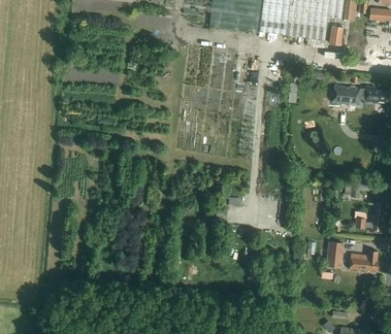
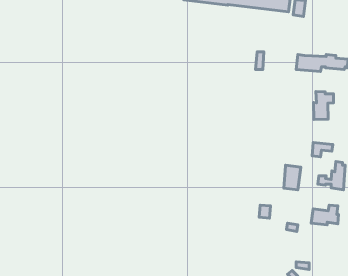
building: none -> [314,92,334,119]
building: [326,241,345,268] -> [284,165,301,190]

